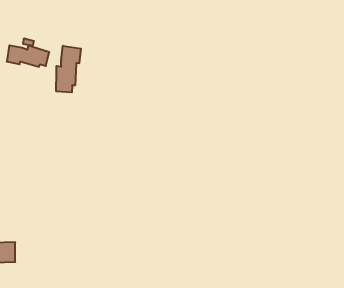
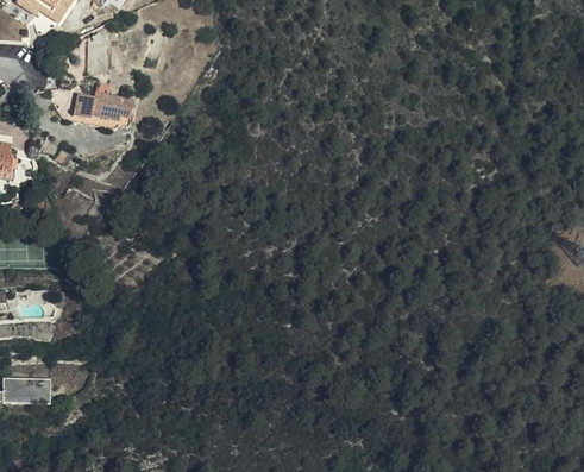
building: [56,46,81,92] -> none

